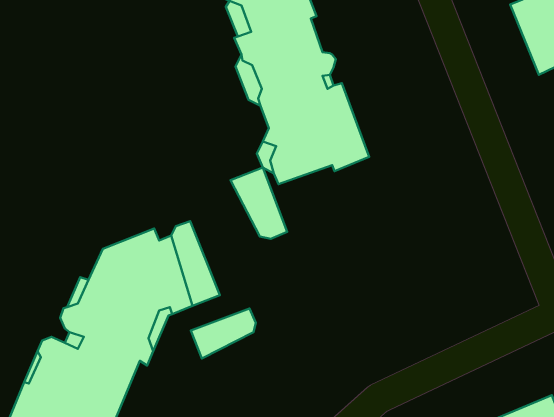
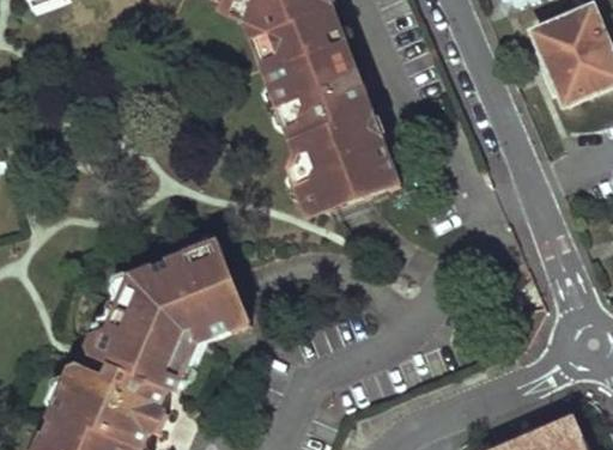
building: [231,168,287,239] -> none
building: [191,309,256,359] -> none

